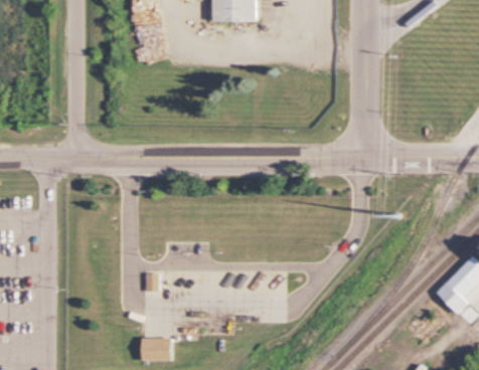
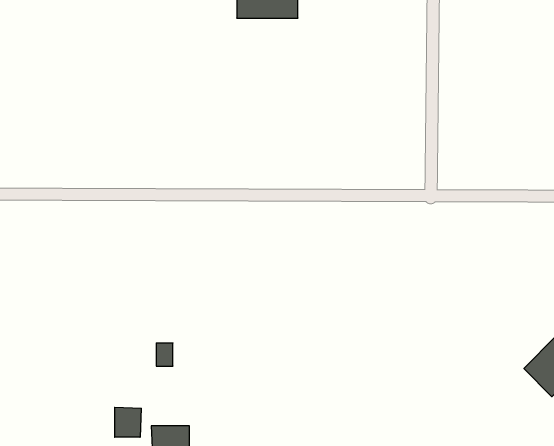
building: none -> [115,407,141,437]

